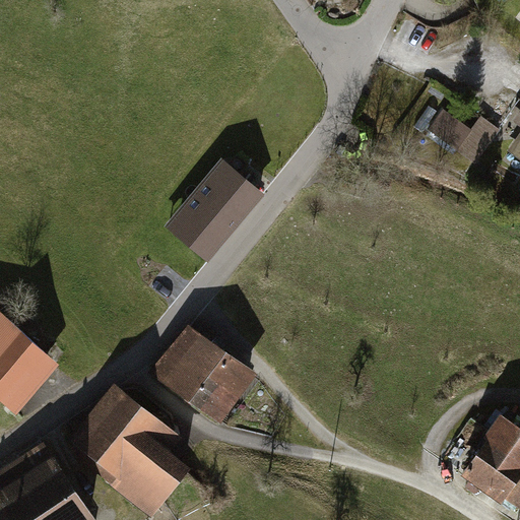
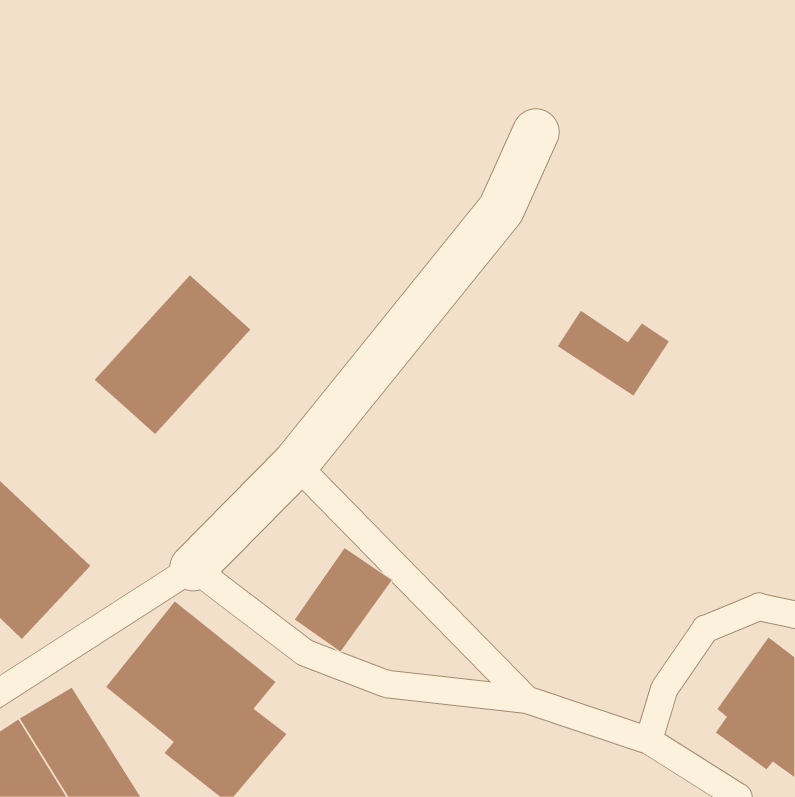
building: [428,109,501,165] -> [557,310,670,396]
building: [165,158,266,262] -> [94,275,251,435]
building: [153,328,222,400] -> none

